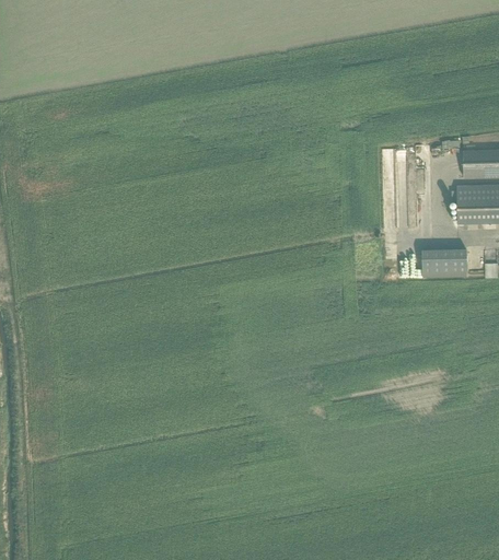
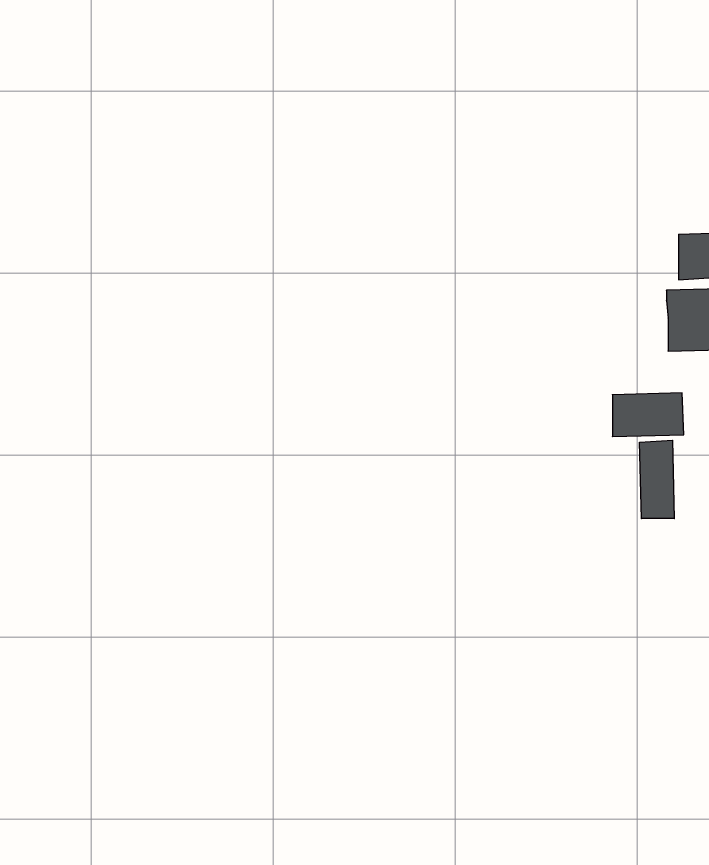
building: none -> [640,440,674,519]

